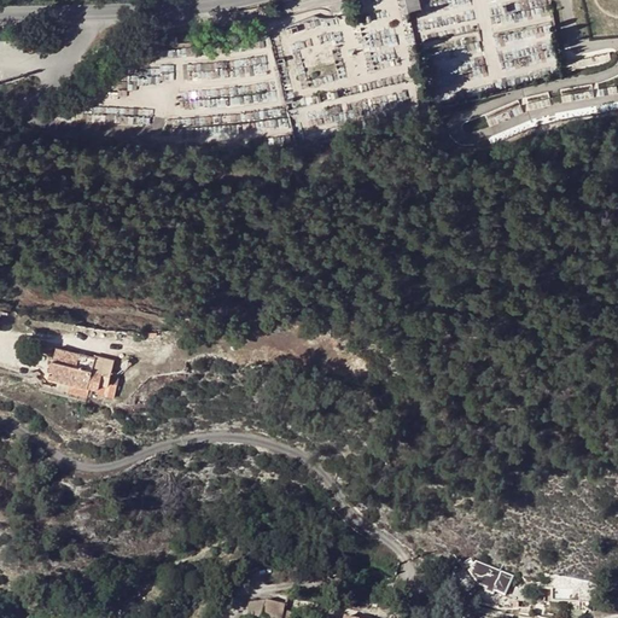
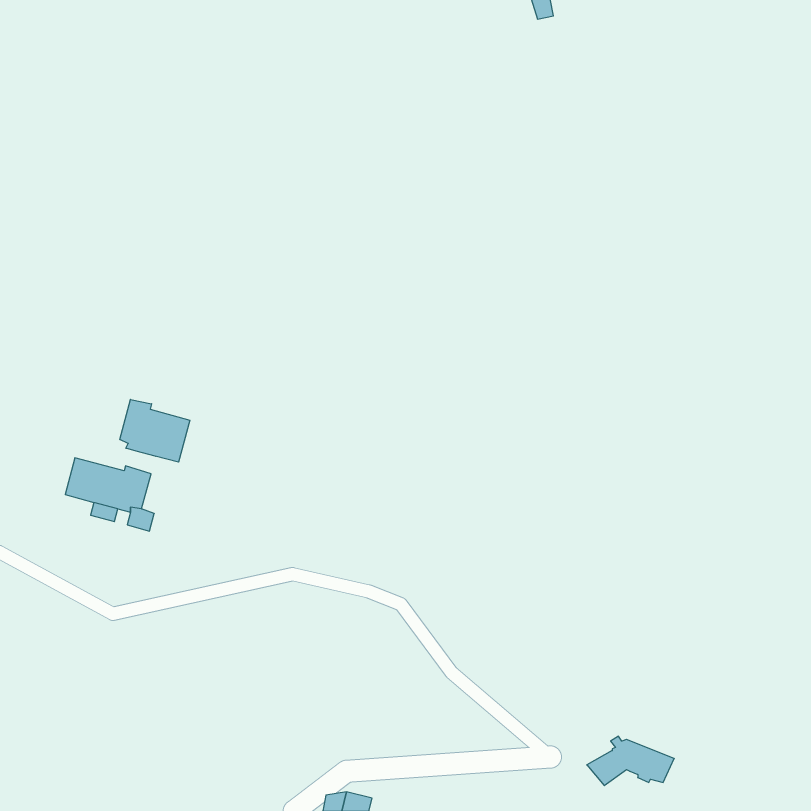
building: none -> [120,399,190,462]

